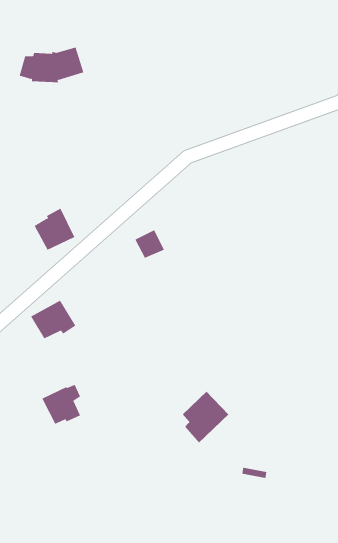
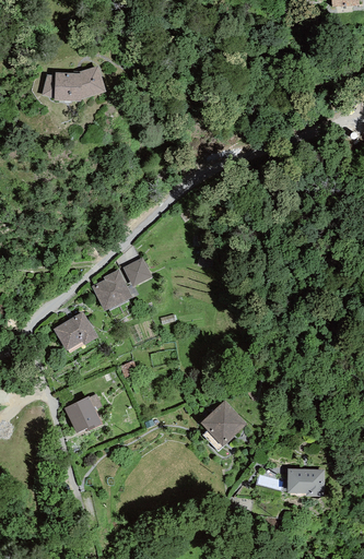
building: [34,208,75,251] -> [92,269,132,310]
building: [134,229,165,259] -> [124,257,153,285]
building: none -> [287,468,325,496]

